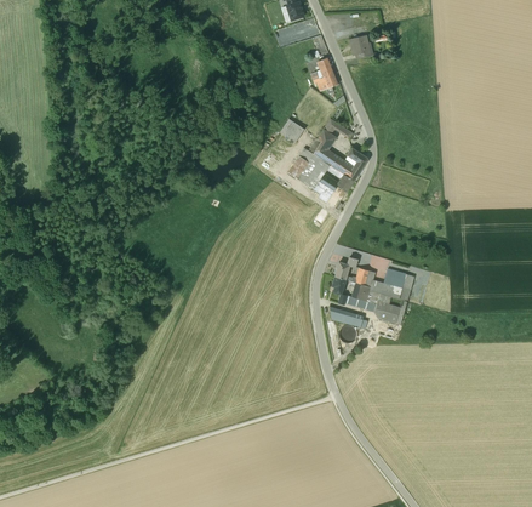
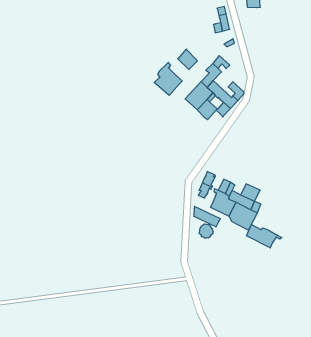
building: none -> [154,62,182,95]
building: none -> [246,224,282,248]

